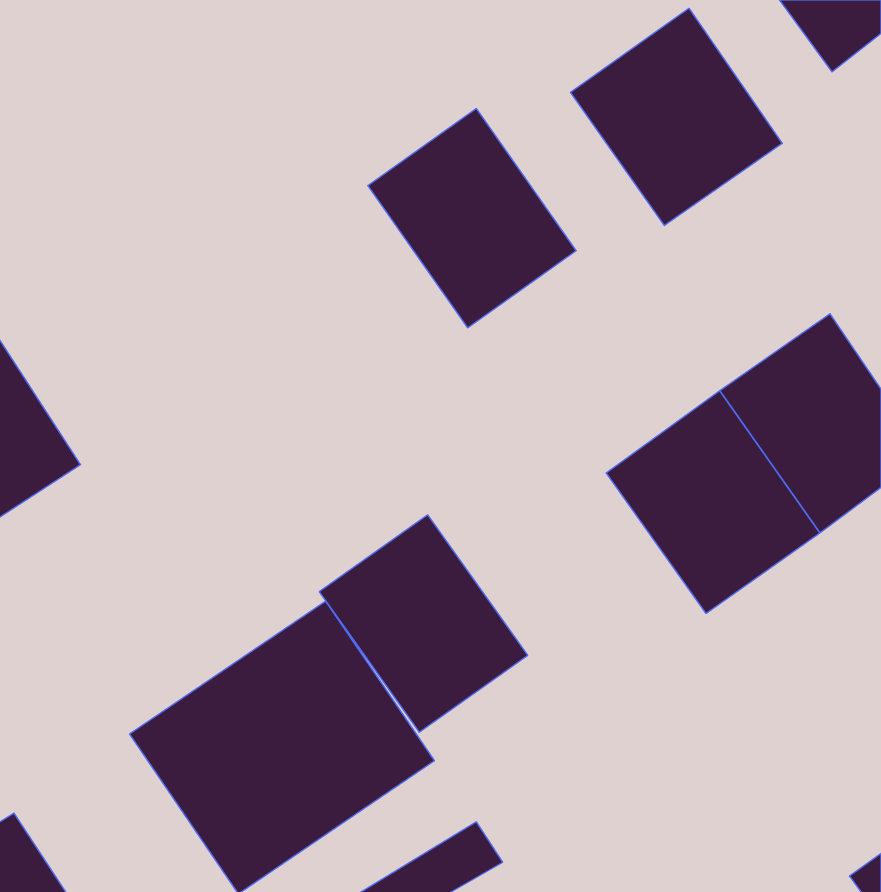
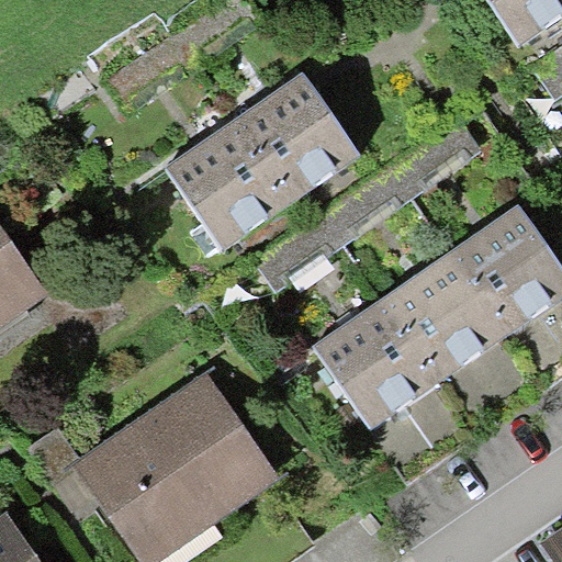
building: [571,8,782,226] -> none
building: none -> [160,119,293,256]
building: [319,515,528,732] -> [312,299,442,435]

